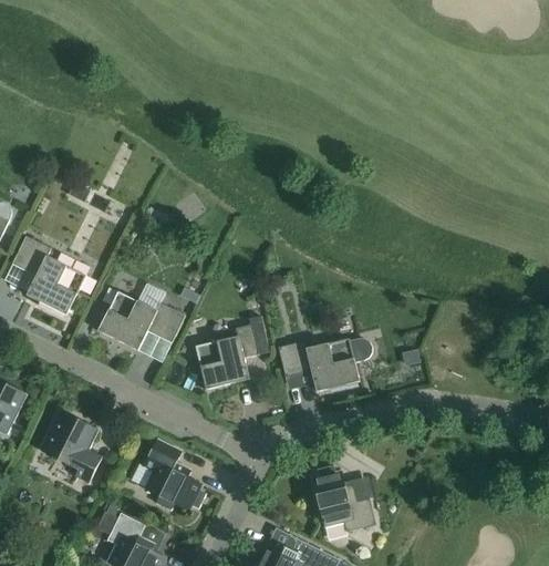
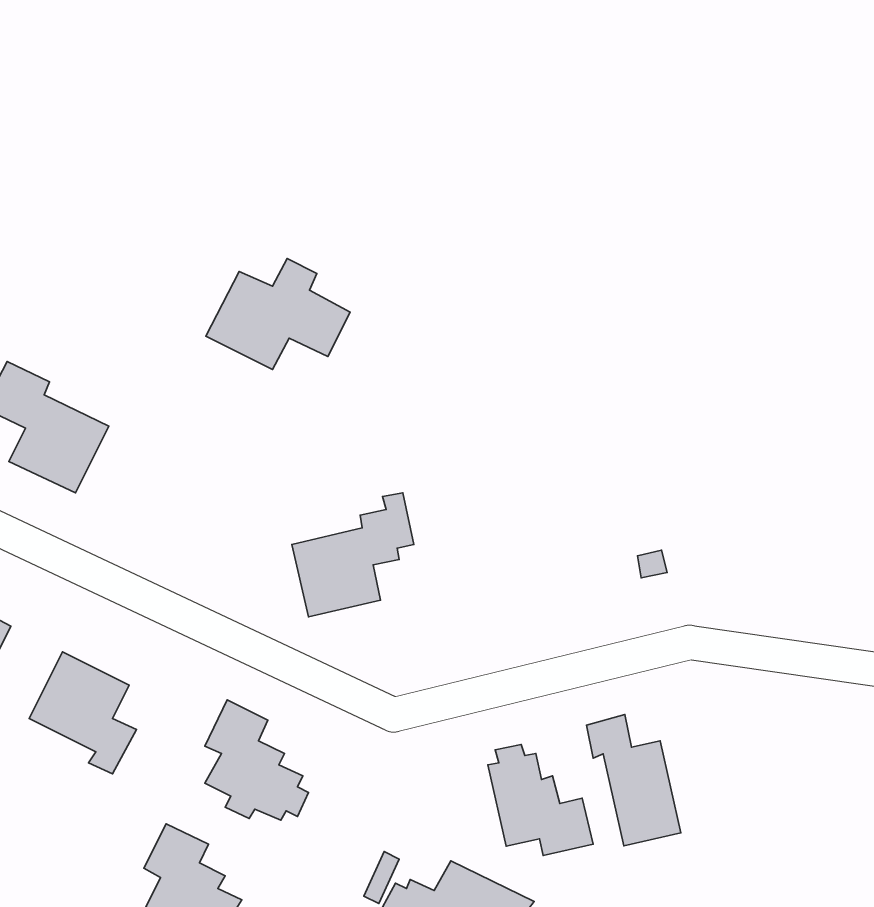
building: [99,284,185,350] -> [206,259,350,370]
building: [278,338,373,392] -> none
building: none -> [587,714,681,846]

